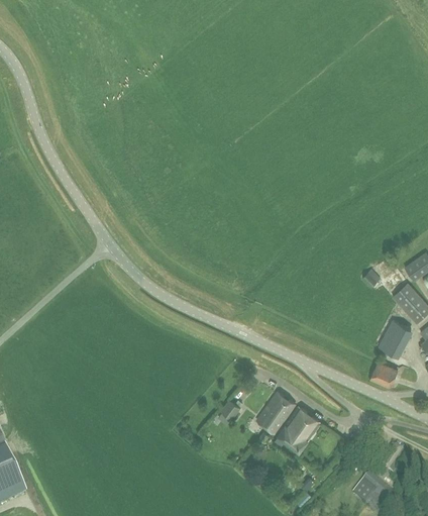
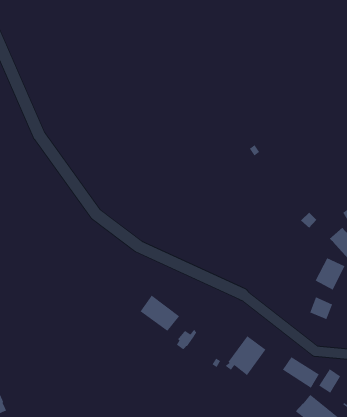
building: none -> [140,295,180,332]
building: [256,392,295,433] -> none
building: none -> [282,356,320,389]

